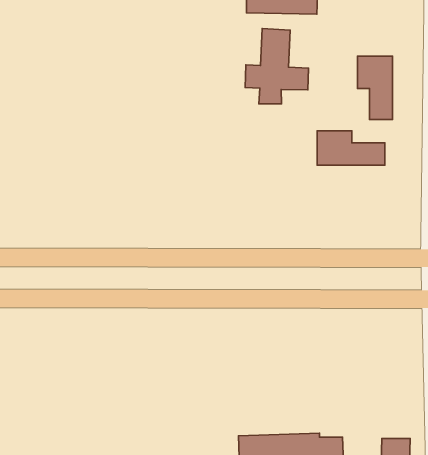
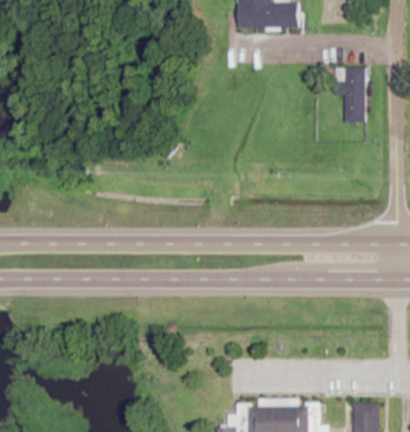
building: [245,29,308,104] -> none
building: [317,131,385,165] -> none

